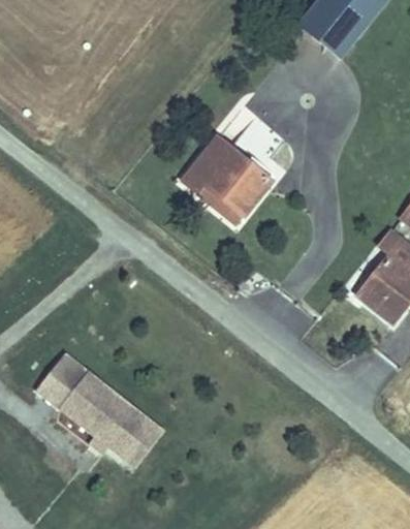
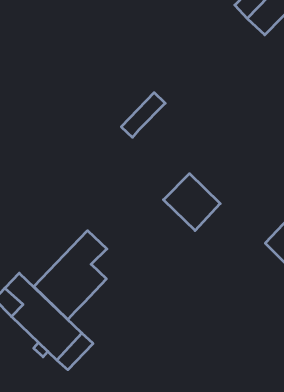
building: [196,141,264,208] -> [163,174,220,231]
building: none -> [34,231,107,320]

